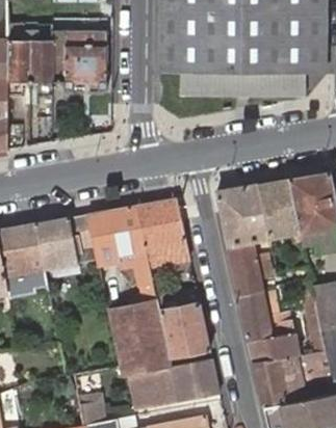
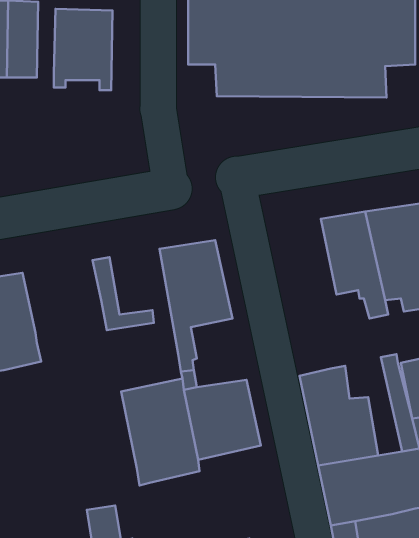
building: [217,184,274,298] -> none
building: [102,206,152,285] -> none
building: [38,214,96,274] -> none
building: [131,356,222,409] -> none

